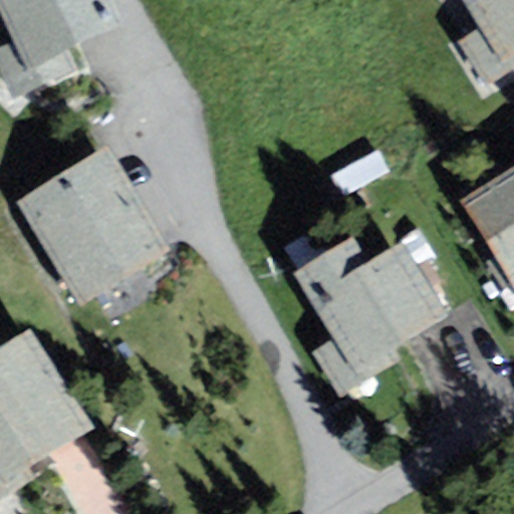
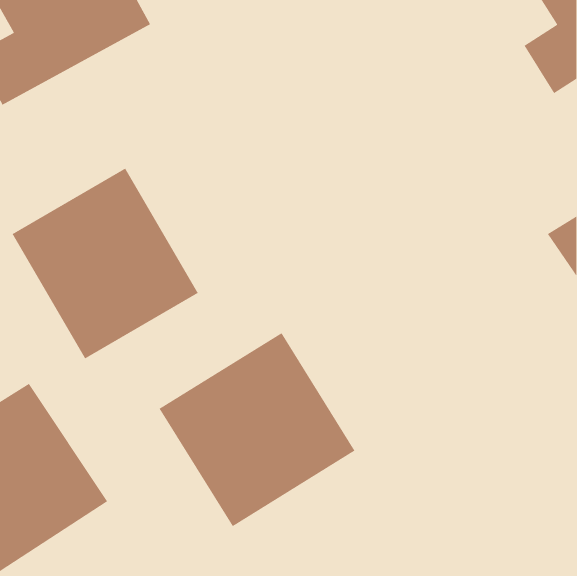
building: [296,239,457,396] -> none
building: none -> [159,332,356,527]

